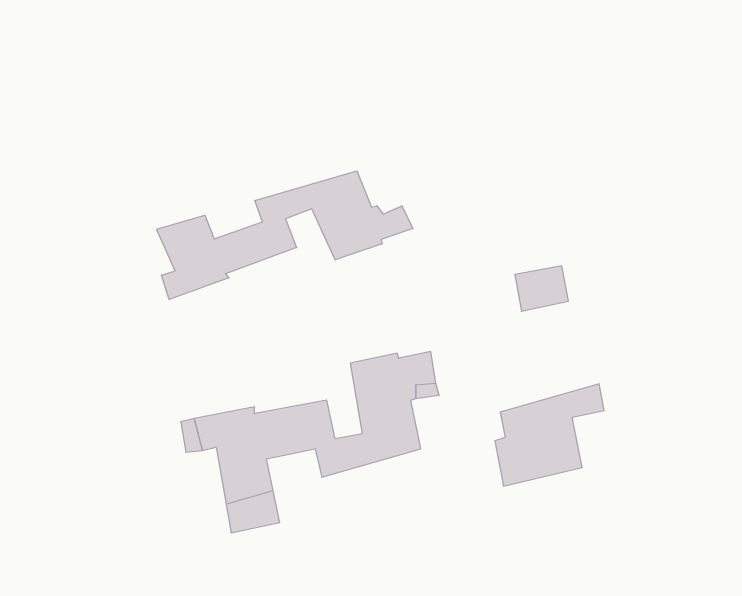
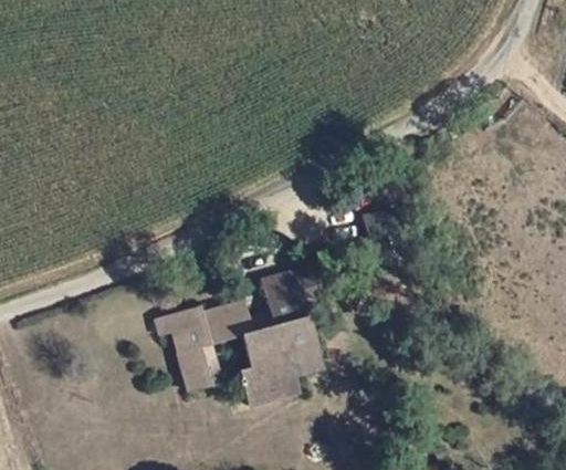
building: [156,171,413,300] -> none
building: [495,384,604,486] -> [243,335,315,403]

